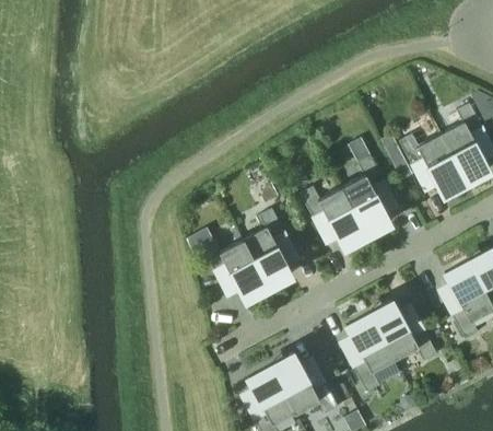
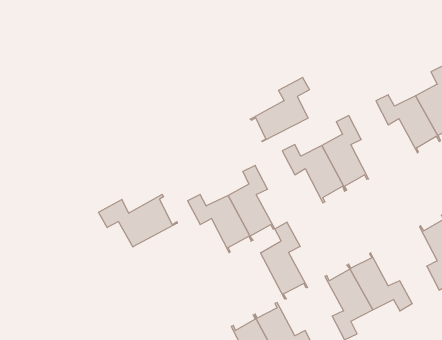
building: none -> [250,77,309,142]
building: none -> [99,194,177,247]
building: none -> [261,222,308,299]

